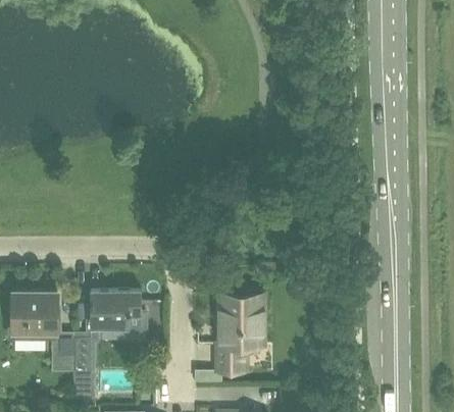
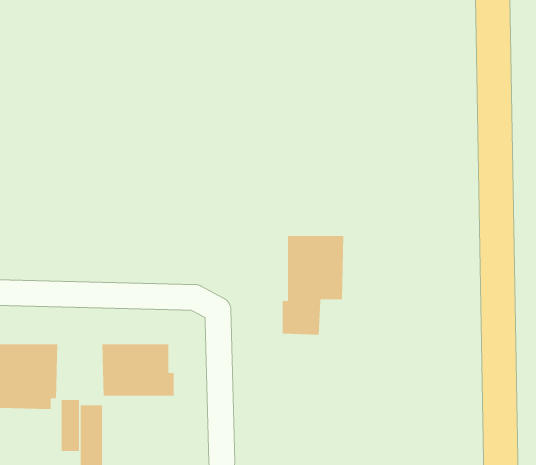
building: [217,296,264,371] -> [282,235,344,335]

